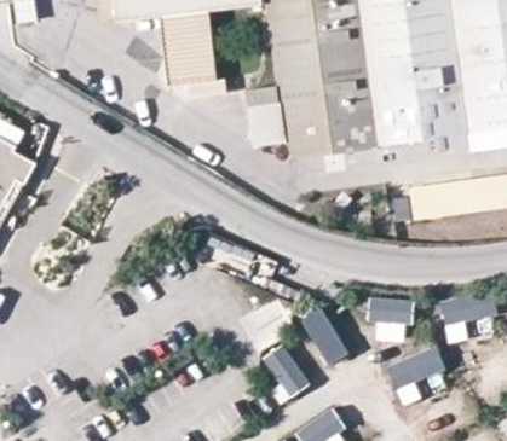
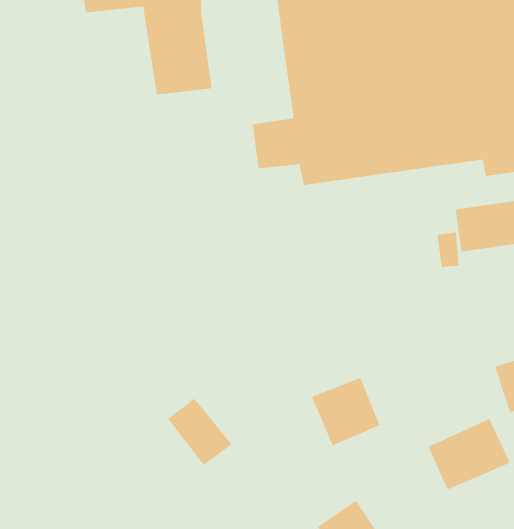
building: [374,297,415,341] -> none
building: [263,343,315,398] -> [167,397,232,466]

